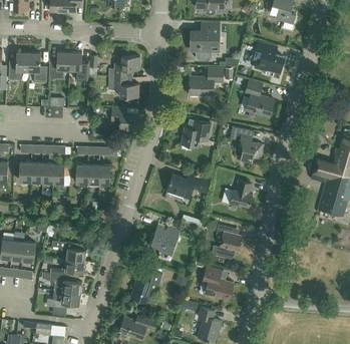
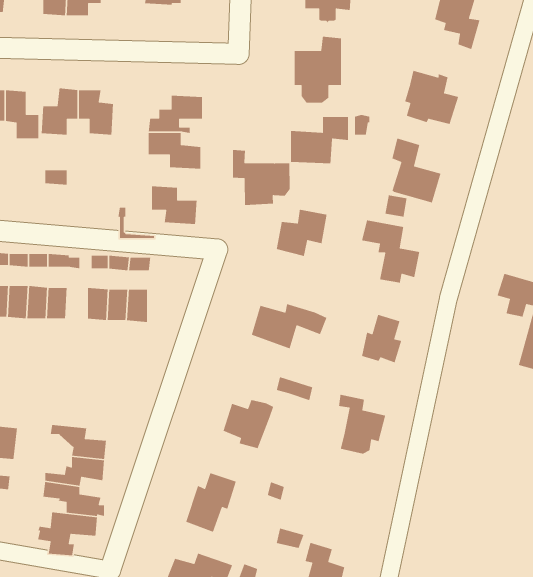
building: none -> [232,149,291,206]
building: [202,266,232,300] -> none

